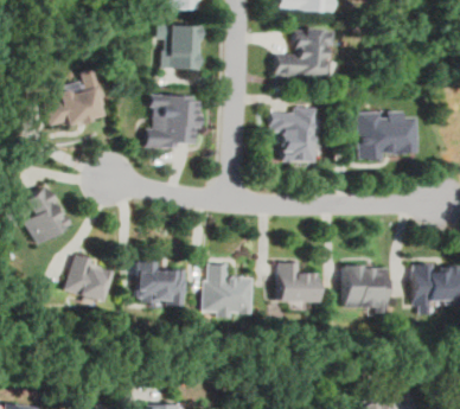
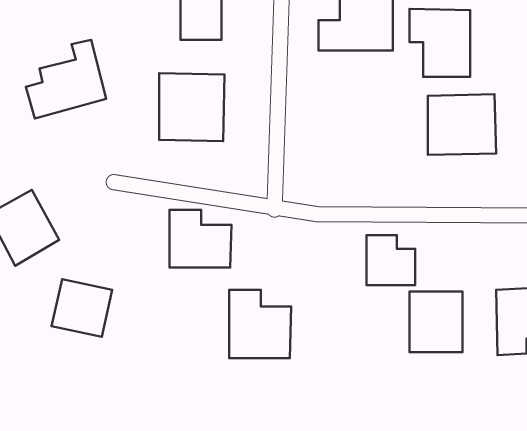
building: [271,109,319,162] -> [410,9,470,77]
building: [139,261,187,306] -> [169,210,232,267]
building: [281,263,319,302] -> [367,235,415,285]

